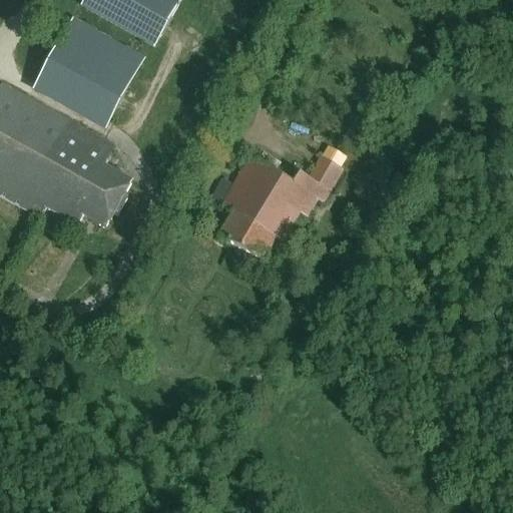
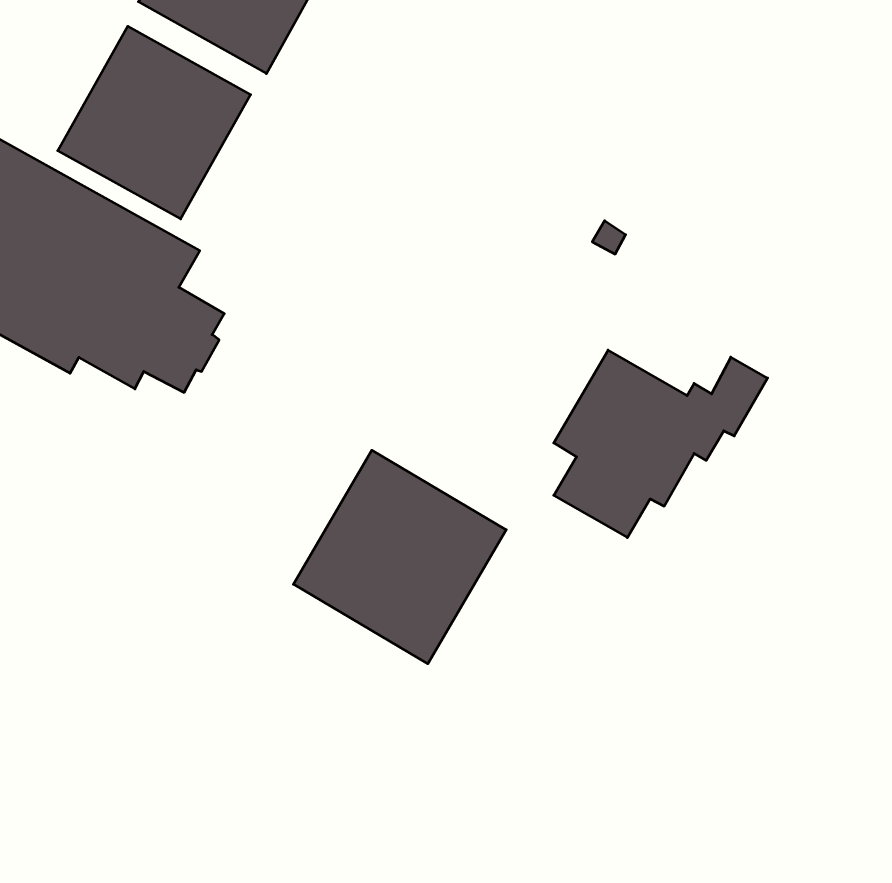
building: [218,152,341,260] -> [554,350,768,538]
building: none -> [293,450,506,664]

